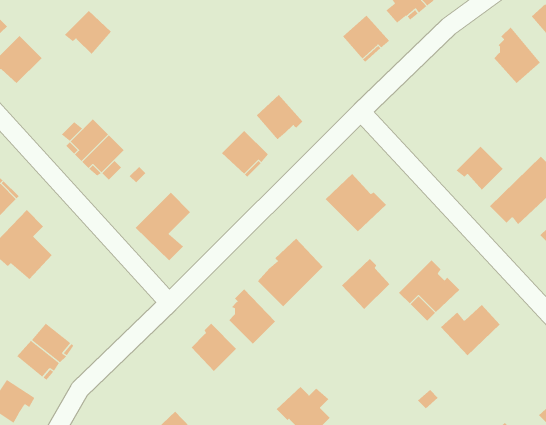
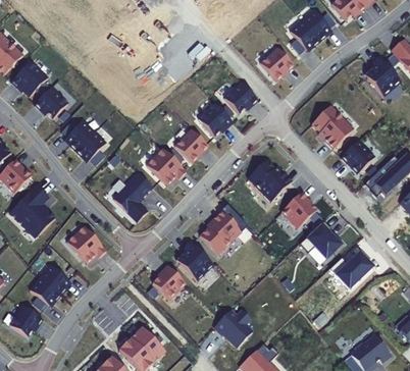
building: [64,10,112,55] -> [34,87,67,118]
building: none -> [224,82,258,113]
building: none -> [312,105,354,149]
building: none -> [146,148,187,181]
building: [341,258,390,310] -> [281,192,316,228]
building: none -> [66,225,106,259]

